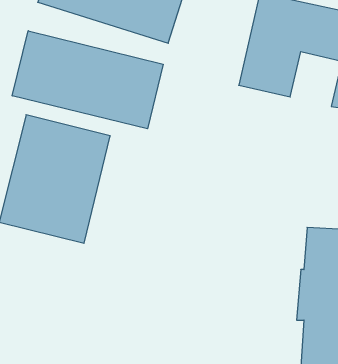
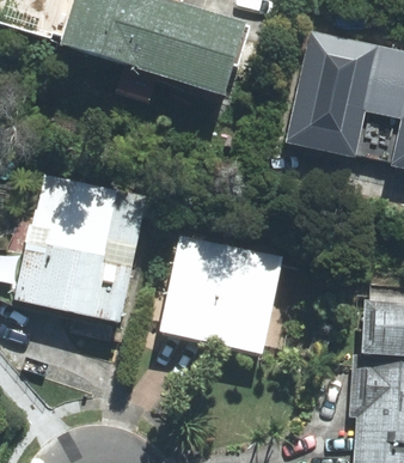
building: [12,31,163,129] -> none
building: none -> [164,237,280,352]

